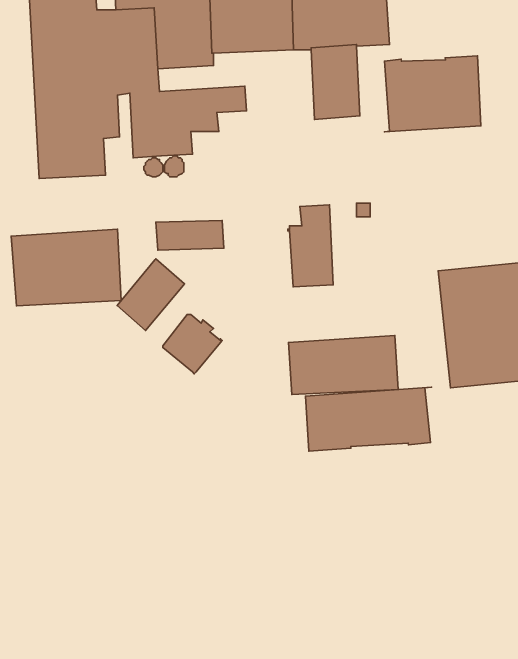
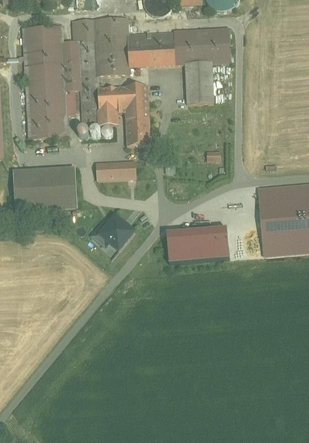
building: [384,56,481,132] -> none
building: [288,205,333,287] -> [124,98,150,145]
building: [117,259,184,331] -> none
building: [305,387,431,451] -> none

